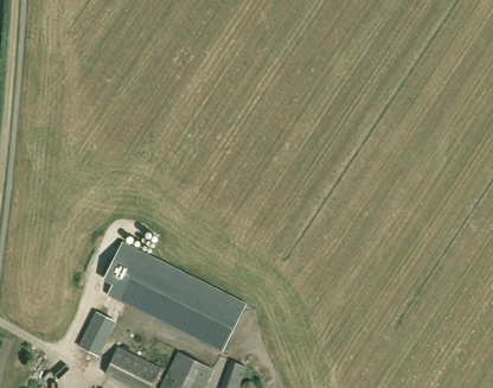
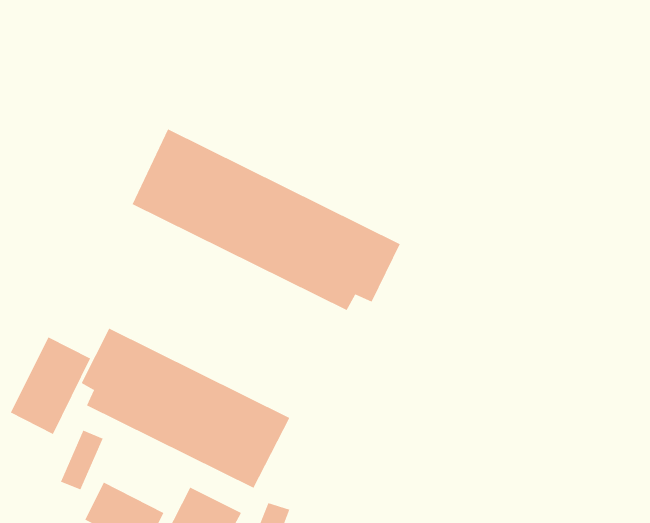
building: none -> [132,129,401,311]
building: none -> [10,336,91,435]

